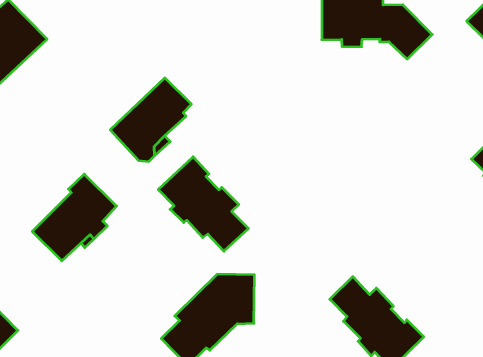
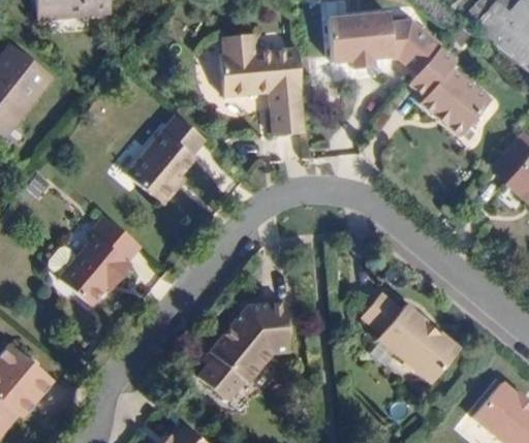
building: none -> [219,34,305,134]
building: none -> [409,44,490,133]
building: [158,157,248,251] -> none

